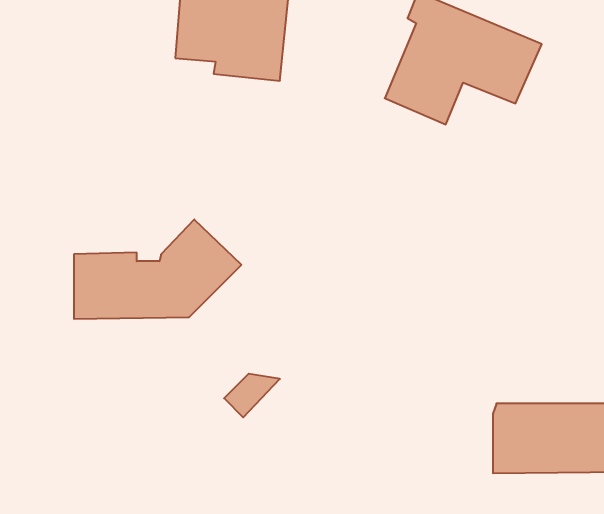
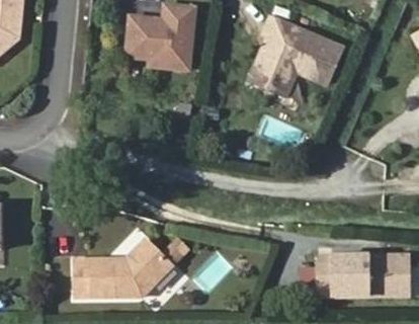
building: [74,219,241,319] -> [71,238,168,296]

